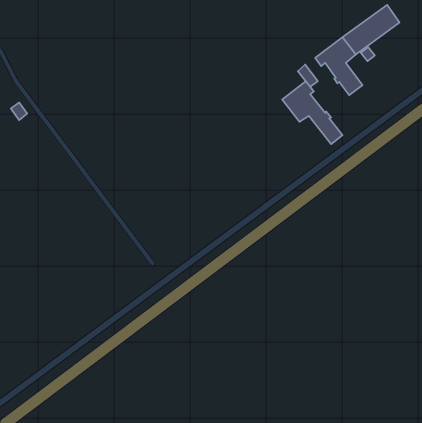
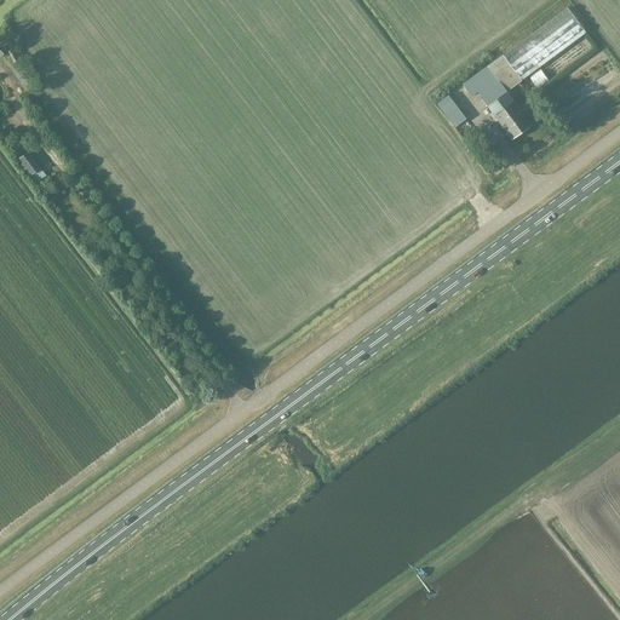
building: [282,81,343,144] -> none

